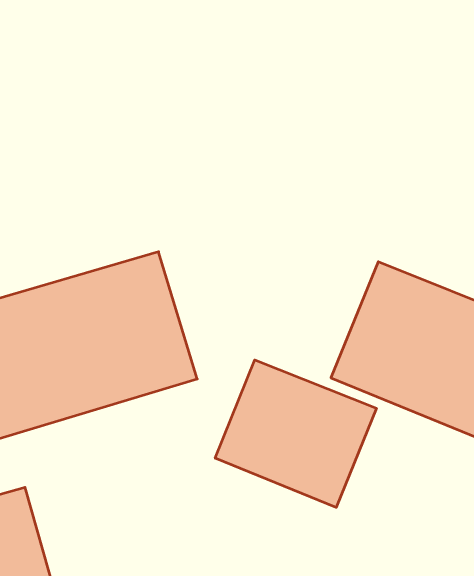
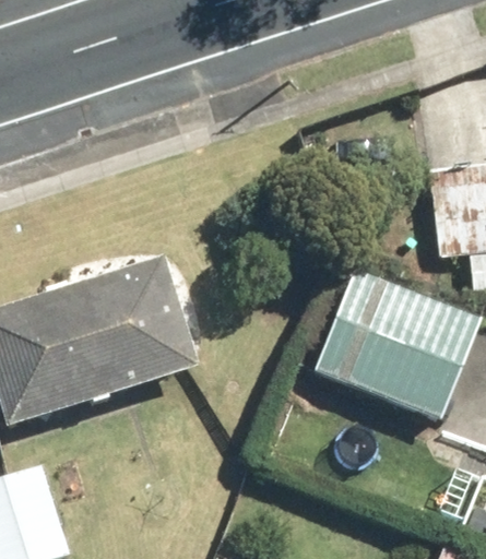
building: [215,360,376,507] -> none

